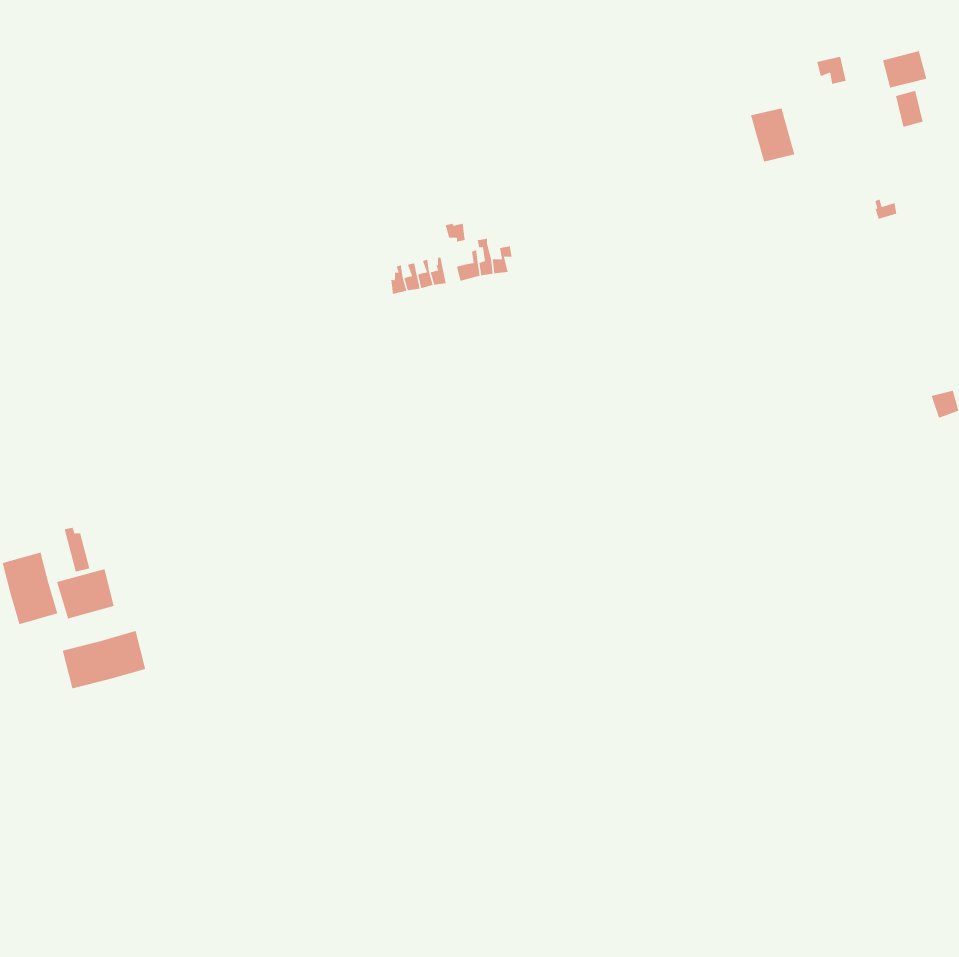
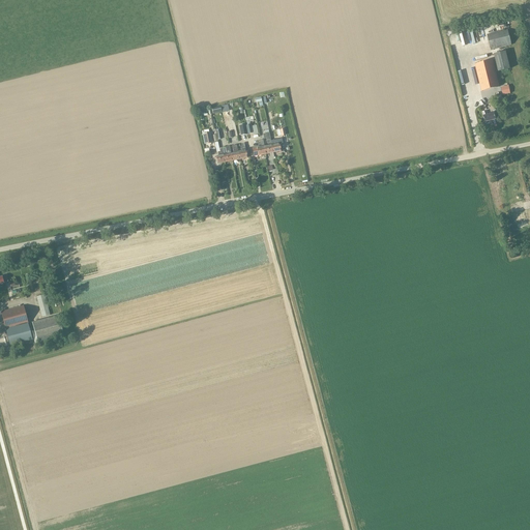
building: [750,108,795,162] -> [474,59,499,89]
building: [62,630,146,689] -> none

